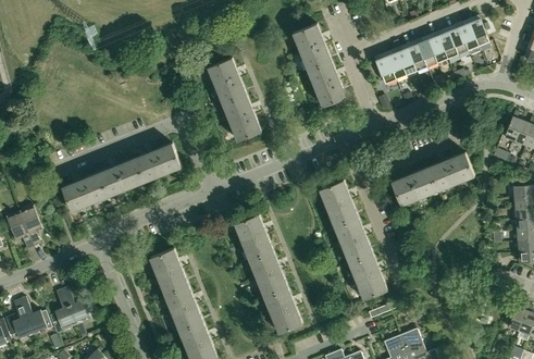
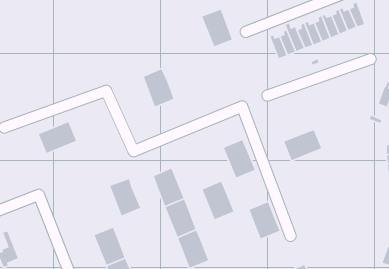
building: [208,58,246,104] -> none
building: [308,61,346,107] -> none
building: [135,144,182,182] -> none
building: [427,152,474,190] -> none
building: [62,173,108,211] -> none
building: [334,216,373,263] -> [202,181,234,220]
building: [150,248,188,294] -> [109,178,141,216]
building: [62,286,97,322] -> none

